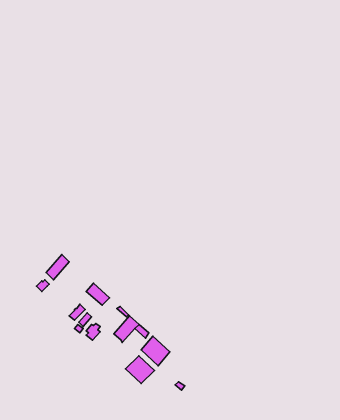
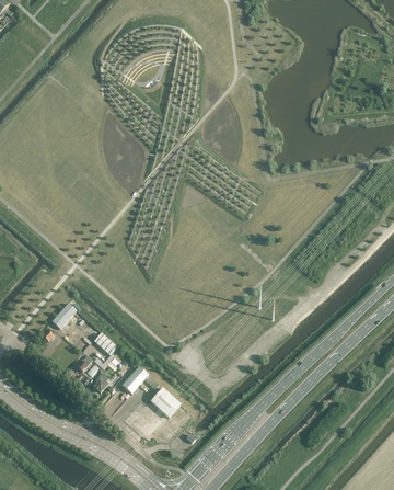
building: [126,356,154,383] -> none

